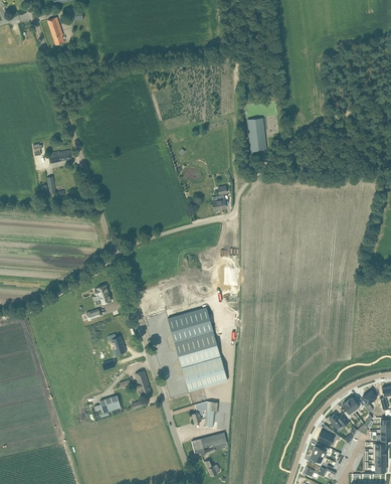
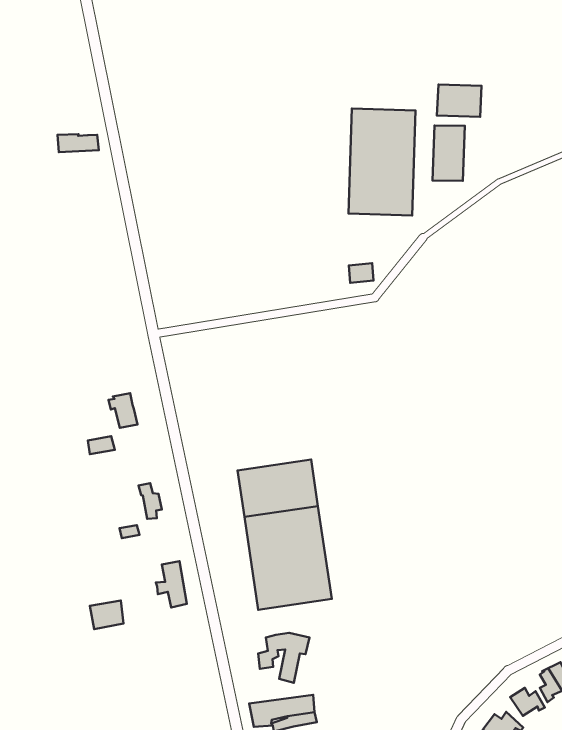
building: none -> [437,84,482,117]
building: none -> [348,109,415,215]

